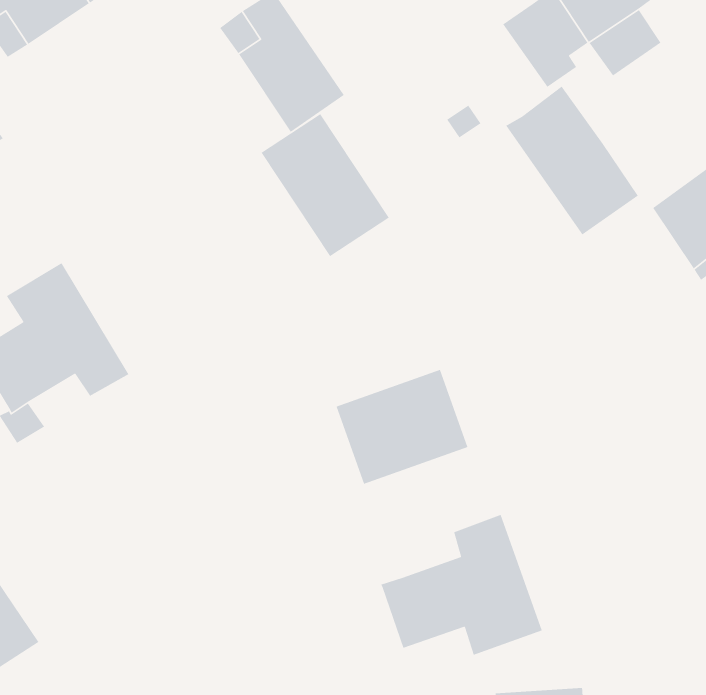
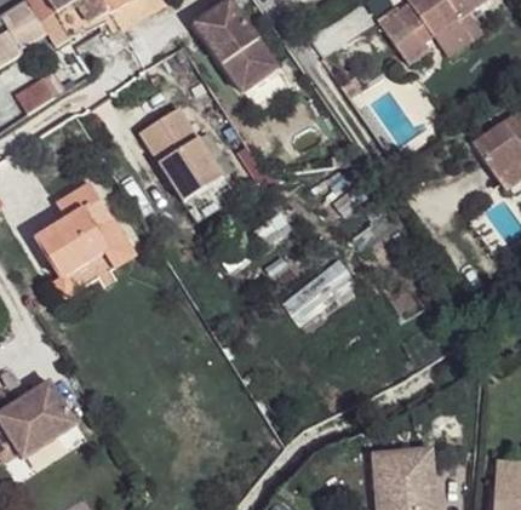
building: [505,86,639,236] -> none
building: [261,113,390,257] -> [138,107,222,200]
building: [380,514,543,656] -> none

